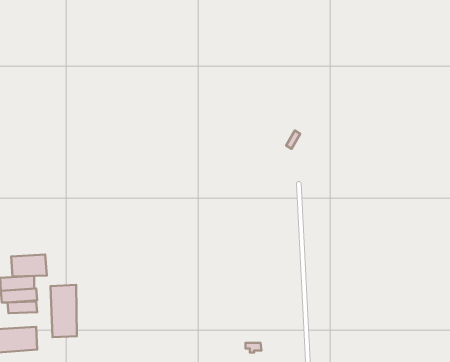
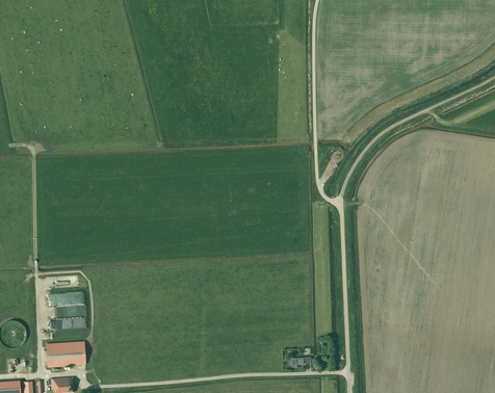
building: [11,254,47,276] -> none
building: [51,285,77,337] -> none

